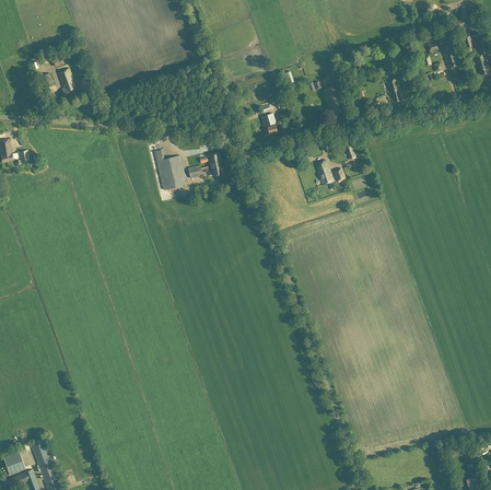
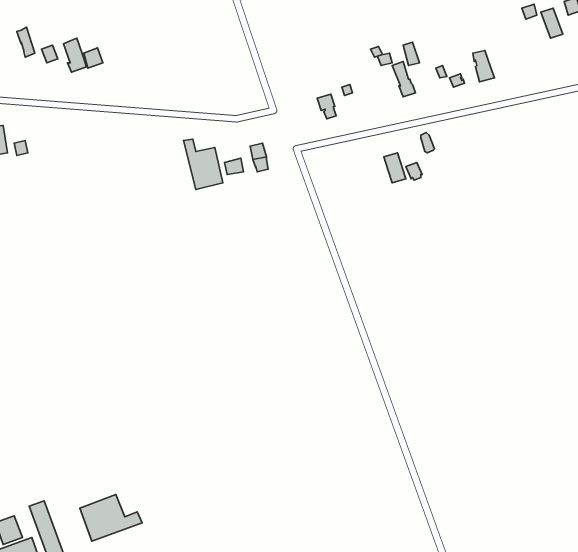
building: none -> [80,494,142,541]

